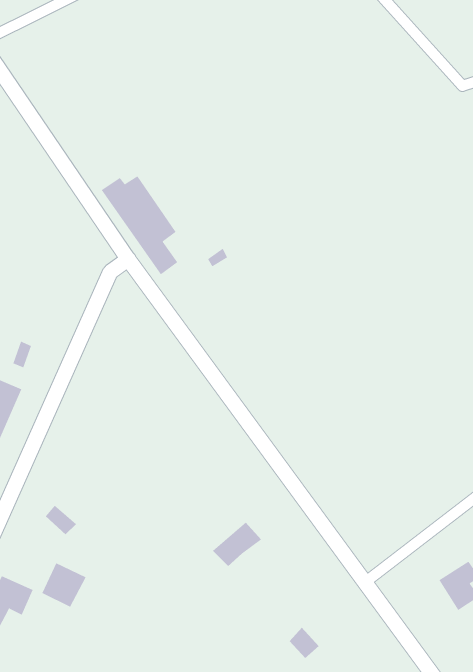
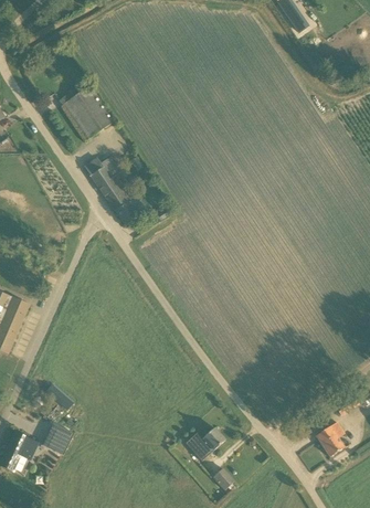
building: none -> [62,85,114,140]
building: [212,522,262,567] -> [191,427,225,458]

